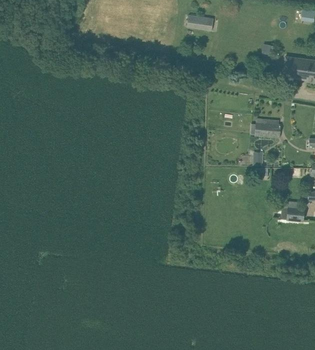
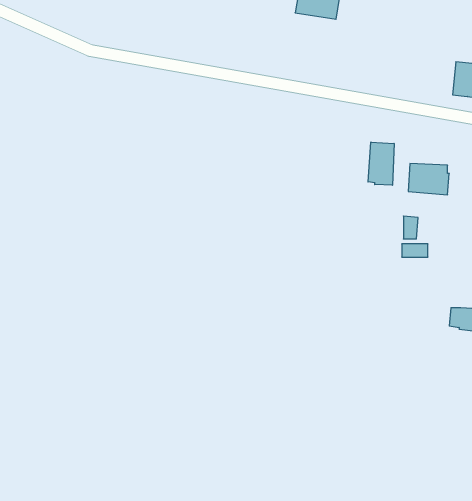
building: none -> [368,142,394,185]

